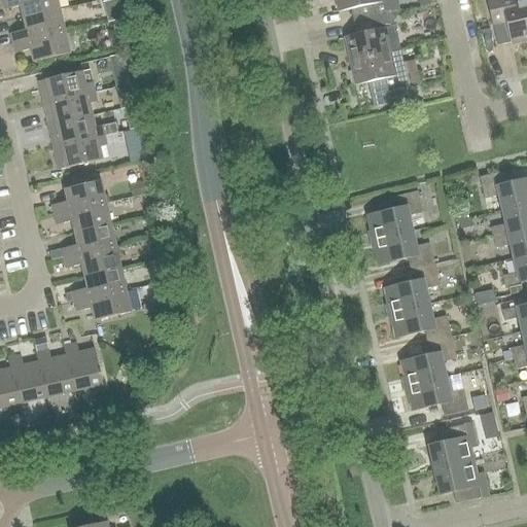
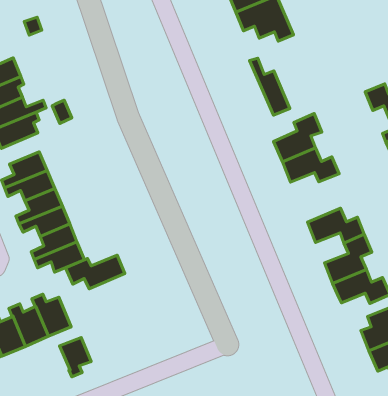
building: none -> [250,58,290,115]
building: [383,262,440,311] -> none
building: none -> [66,255,125,289]
building: none -> [60,337,91,377]

